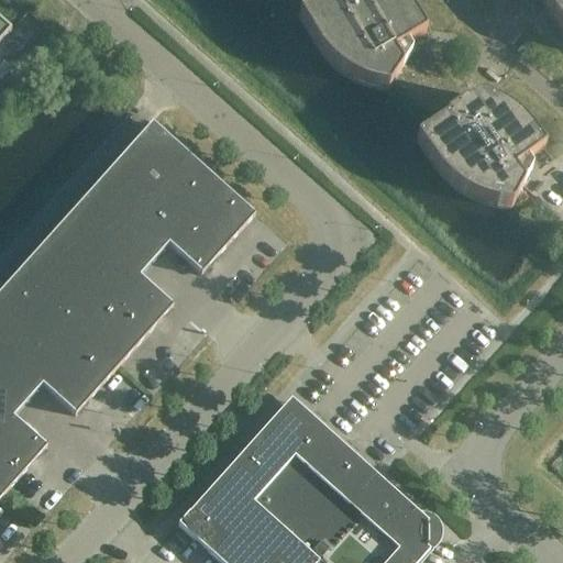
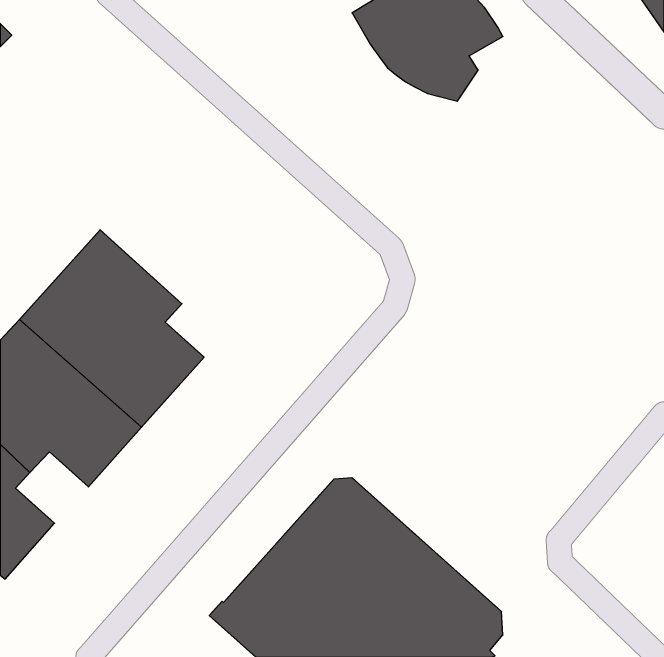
building: [416,92,543,203] -> none
building: [85,120,255,272] -> none

